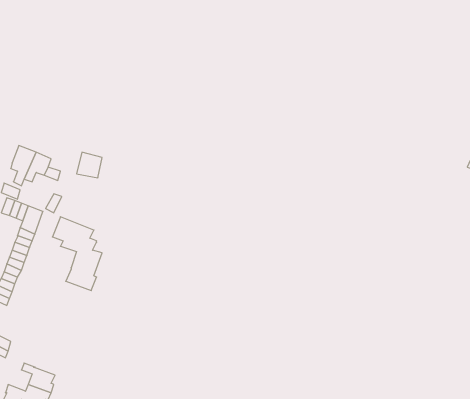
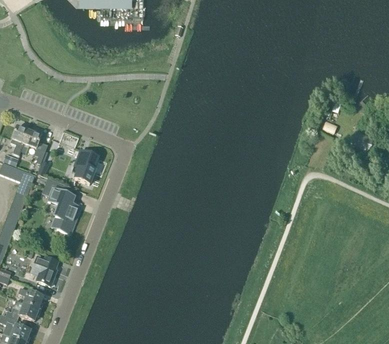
building: none -> [71,154,95,183]
building: none -> [30,255,56,285]

